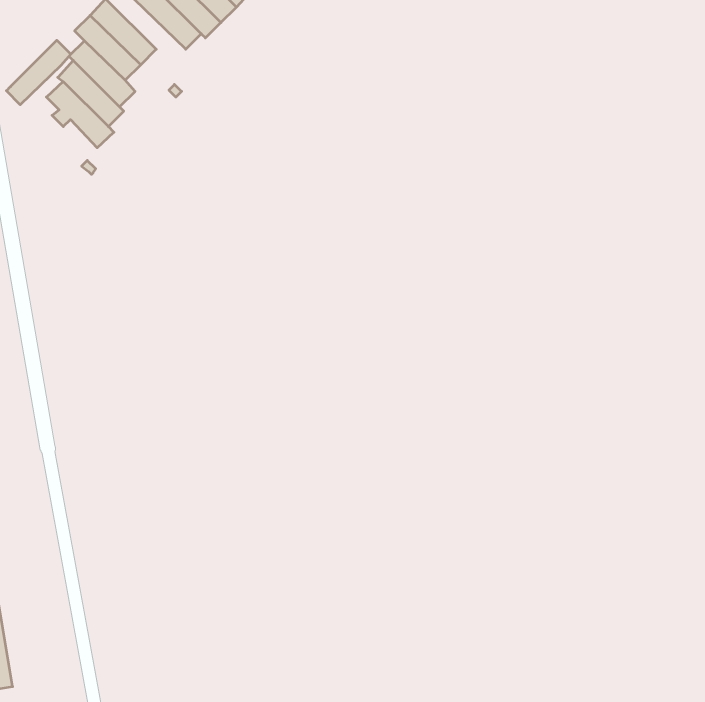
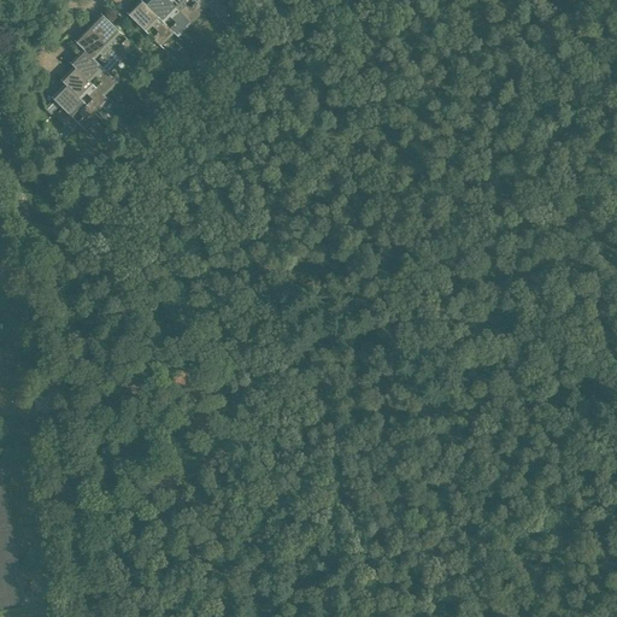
building: [6,40,71,105] -> none

